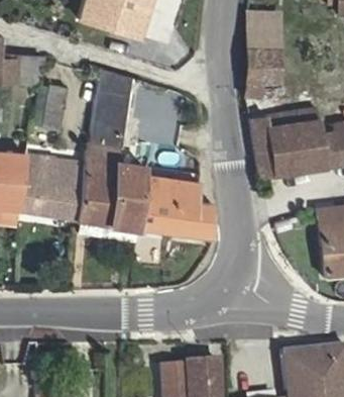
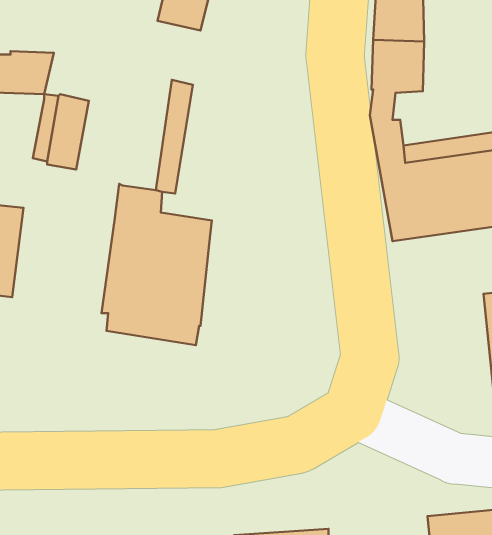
building: [90,69,121,144] -> none
building: [20,156,85,222] -> none
building: [139,173,215,240] -> none

